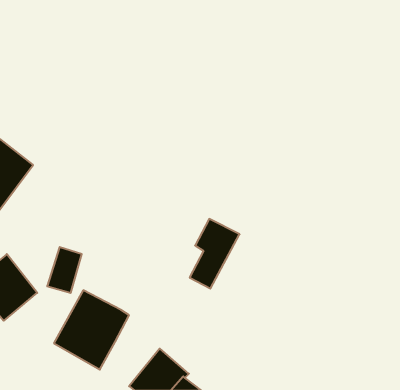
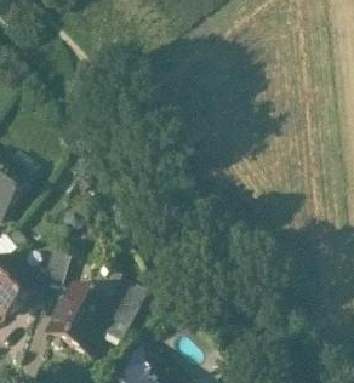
building: [190,219,240,289] -> [102,282,145,343]

